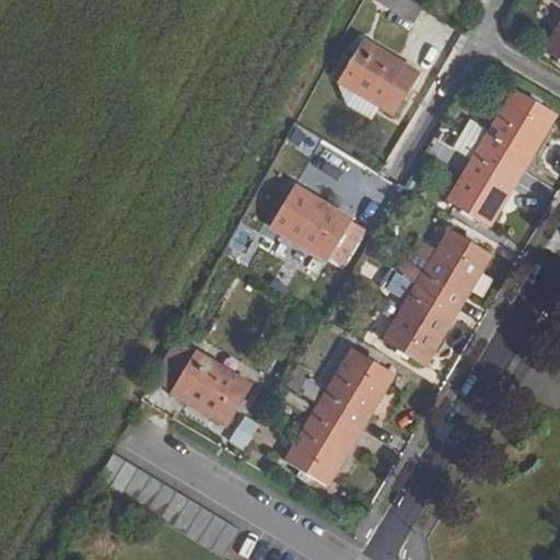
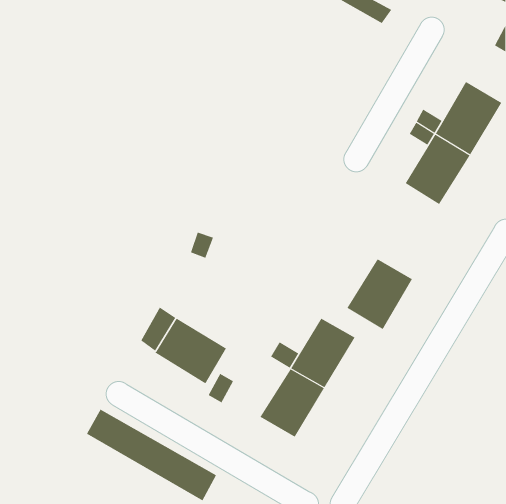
building: [342,43,420,114] -> none
building: [270,187,363,265] -> none
building: [398,230,489,308] -> none

